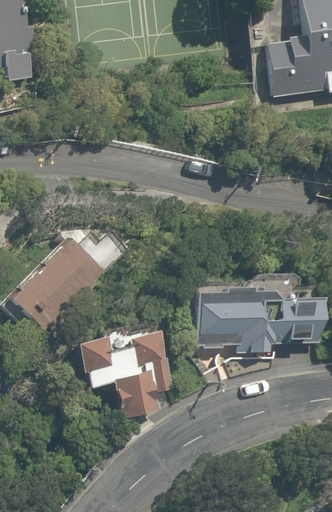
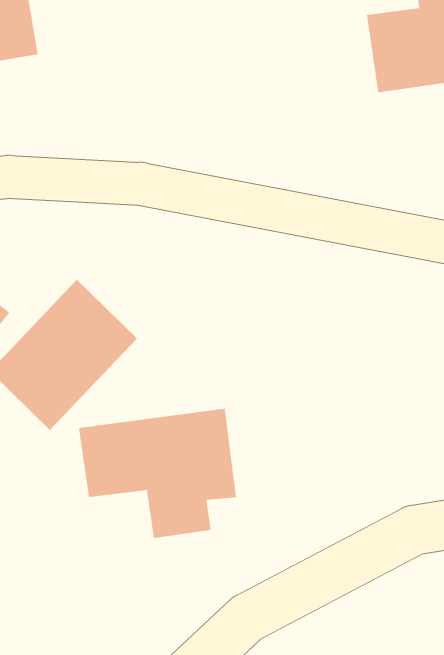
building: [195,279,316,348] -> none

